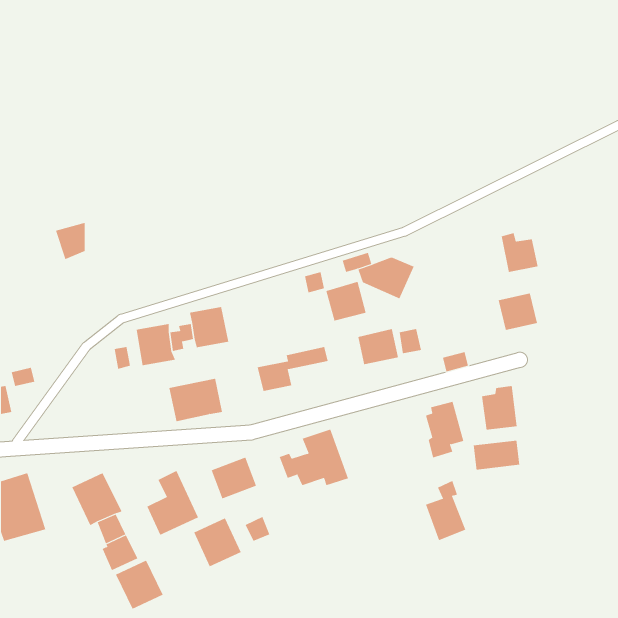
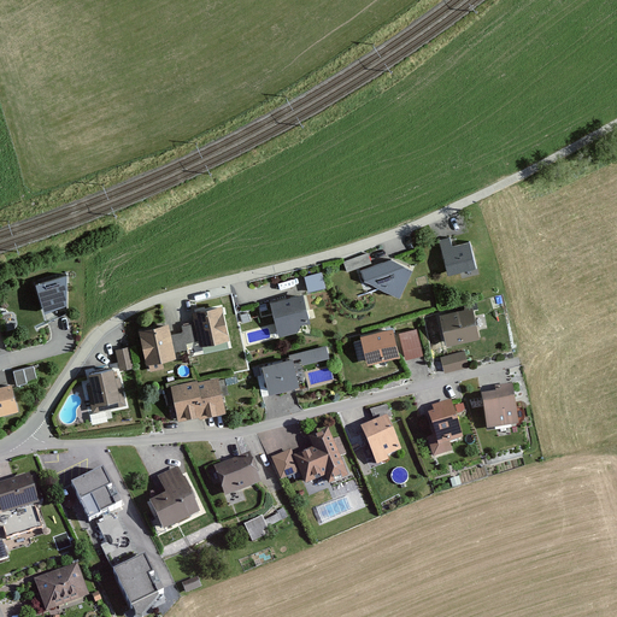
building: [55,222,85,260] -> [31,275,61,312]
building: [501,233,538,273] -> [436,235,474,275]
building: [325,281,367,321] -> [266,293,307,333]
building: [498,293,538,330] -> [436,308,476,346]
building: none -> [83,368,122,410]
building: [473,440,520,470] -> none
building: [425,480,466,541] -> [360,405,401,465]
building: [193,518,241,567] -> none
building: none -> [34,563,88,611]

